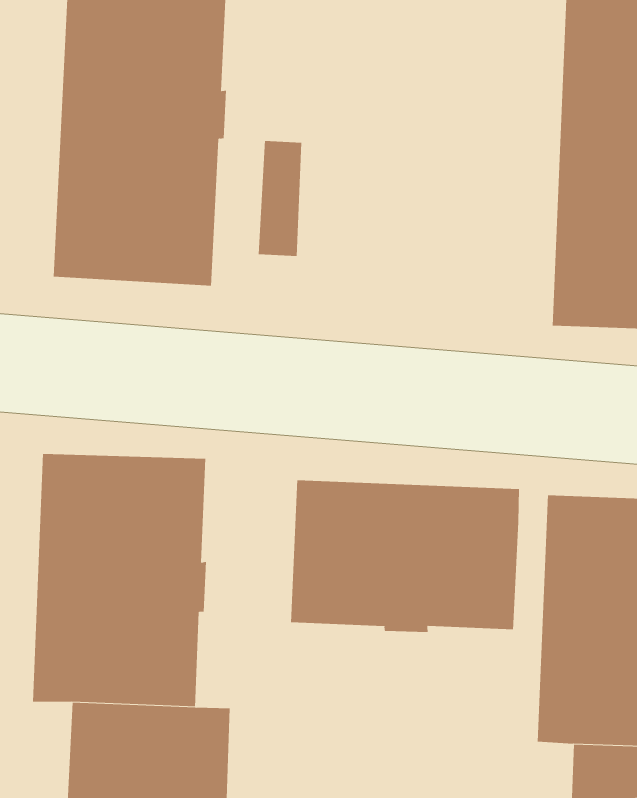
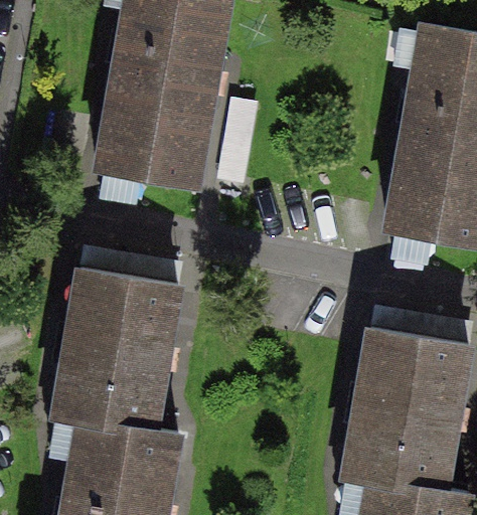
building: [290,479,519,633] -> none

